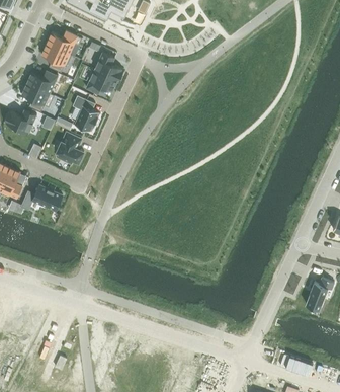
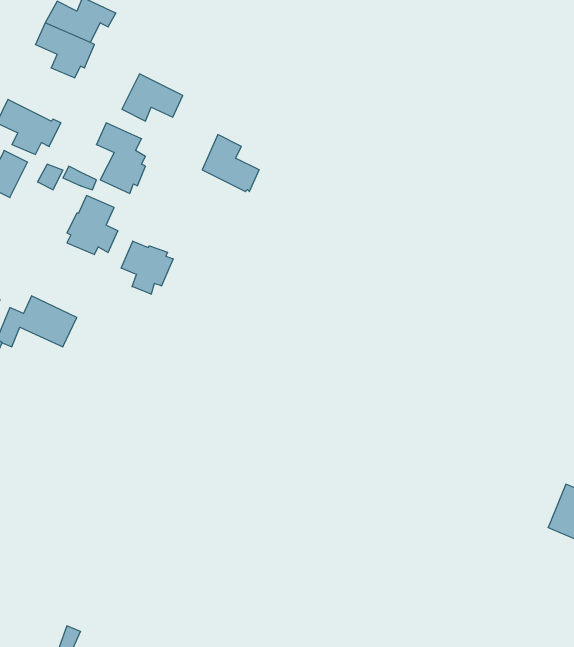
building: [94,52,123,81] -> [202,135,259,192]
building: [26,70,58,94] -> none
building: none -> [121,241,173,294]

